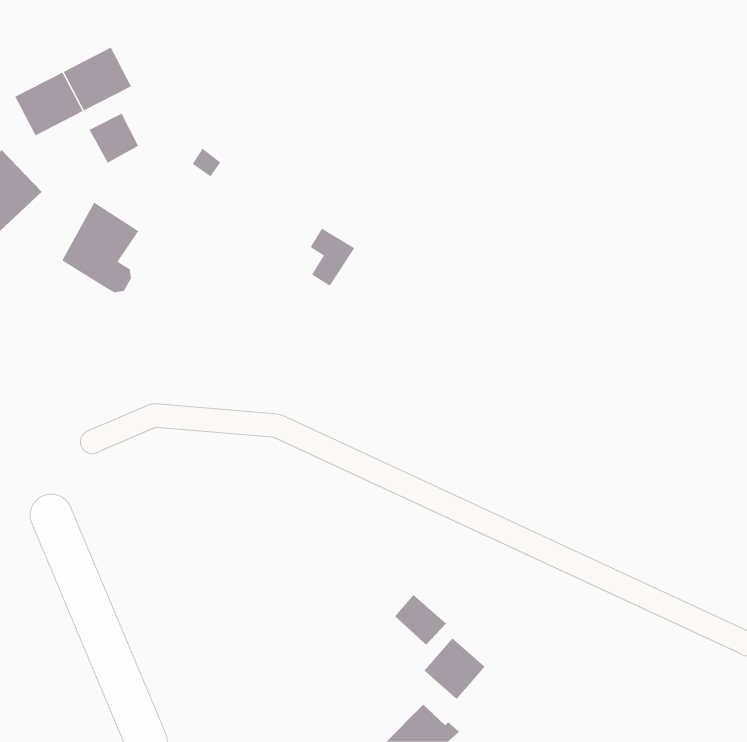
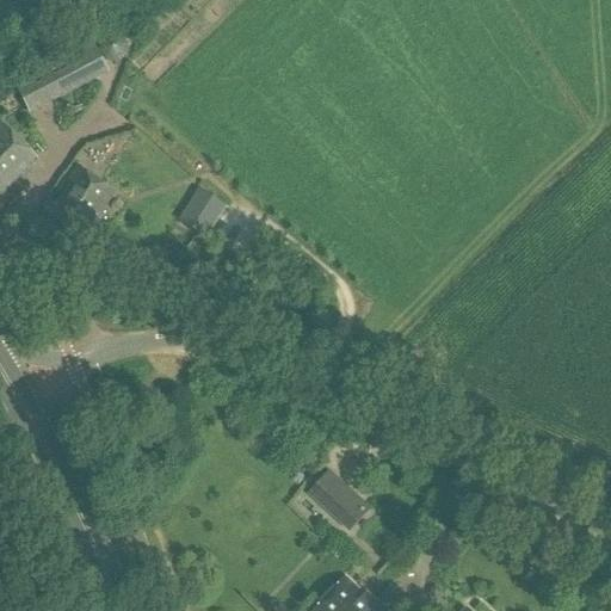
building: [89,113,139,164] -> none
building: [310,228,355,286] -> [187,186,224,234]
building: [424,638,485,700] -> none

